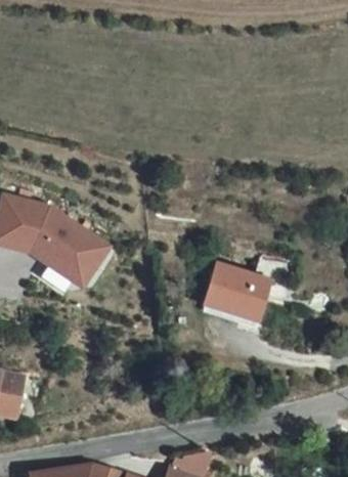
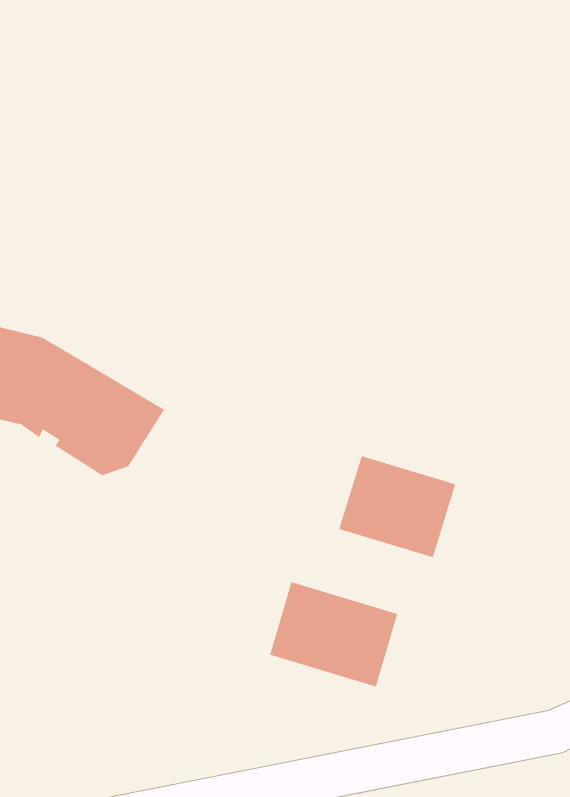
building: none -> [269,581,398,687]

